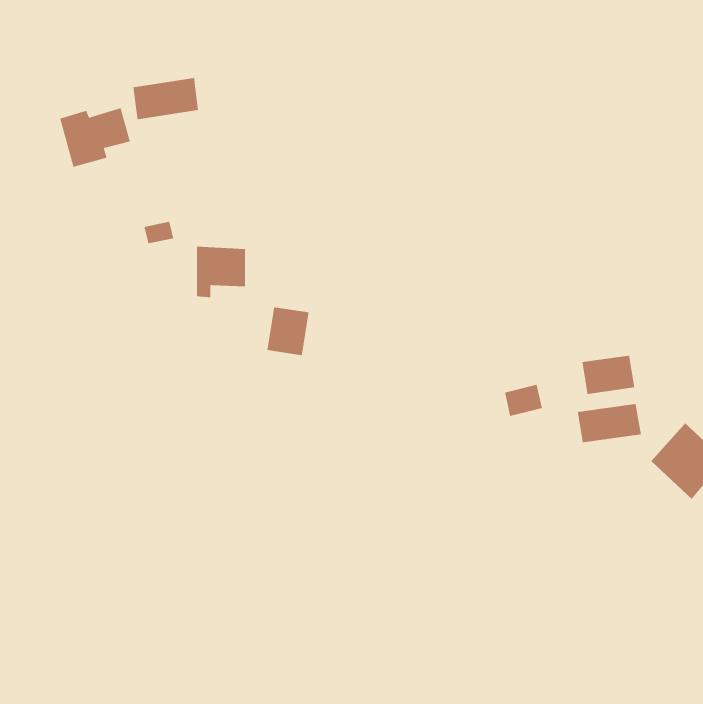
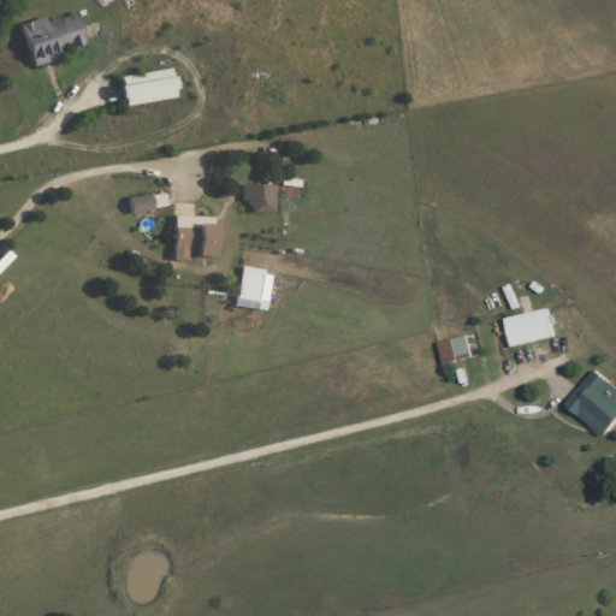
building: [59,107,131,168] -> [20,13,83,66]
building: none -> [243,183,276,211]
building: [577,403,642,443] -> none

